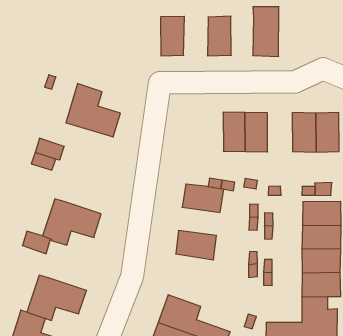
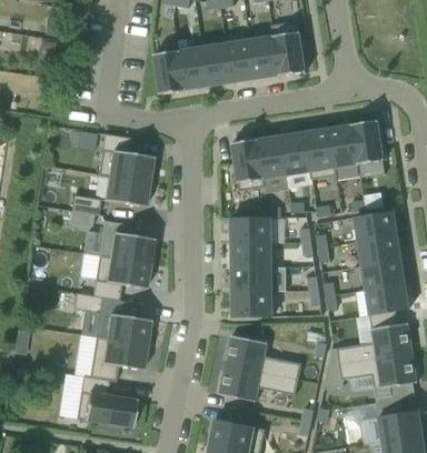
building: none -> [249,36,278,79]
building: none -> [152,51,183,94]
building: none -> [201,43,231,87]
building: none -> [230,139,265,191]
building: none -> [302,128,336,180]
building: none -> [103,177,148,207]
building: none -> [98,221,156,263]
building: none -> [230,242,270,268]
building: none -> [231,292,271,318]
building: none -> [105,314,149,344]

